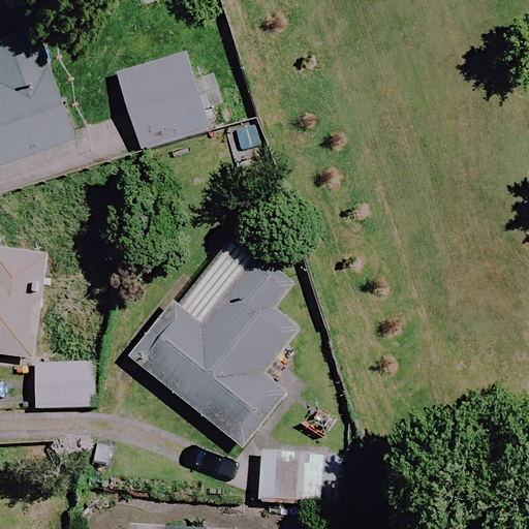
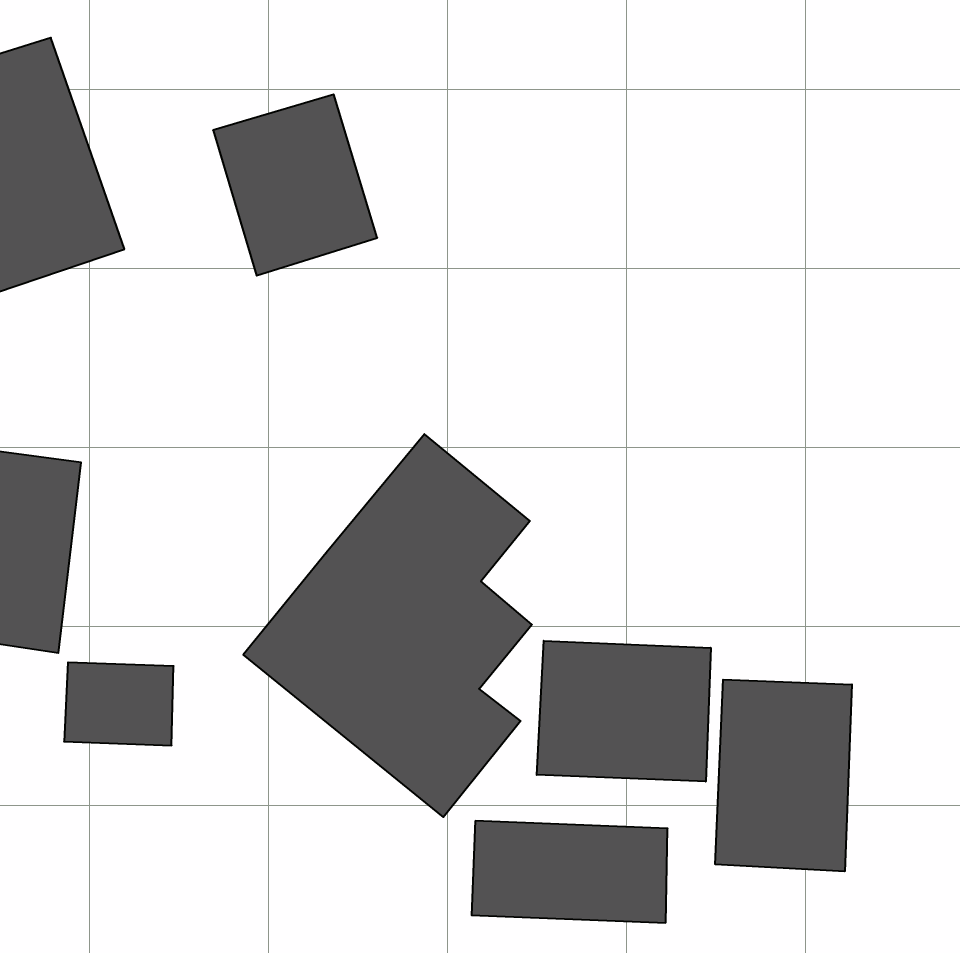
building: none -> [537,641,711,782]
building: none -> [715,680,852,871]

